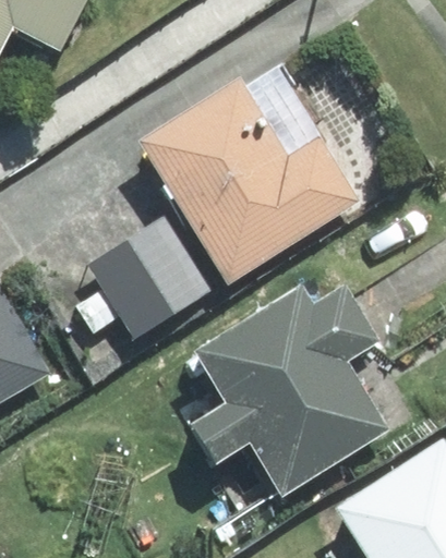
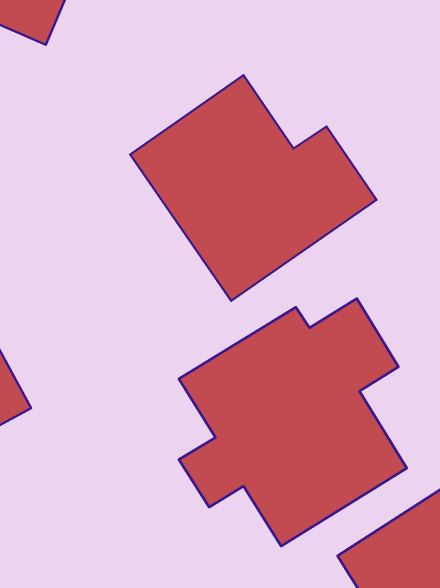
building: [86,211,212,333] -> none

